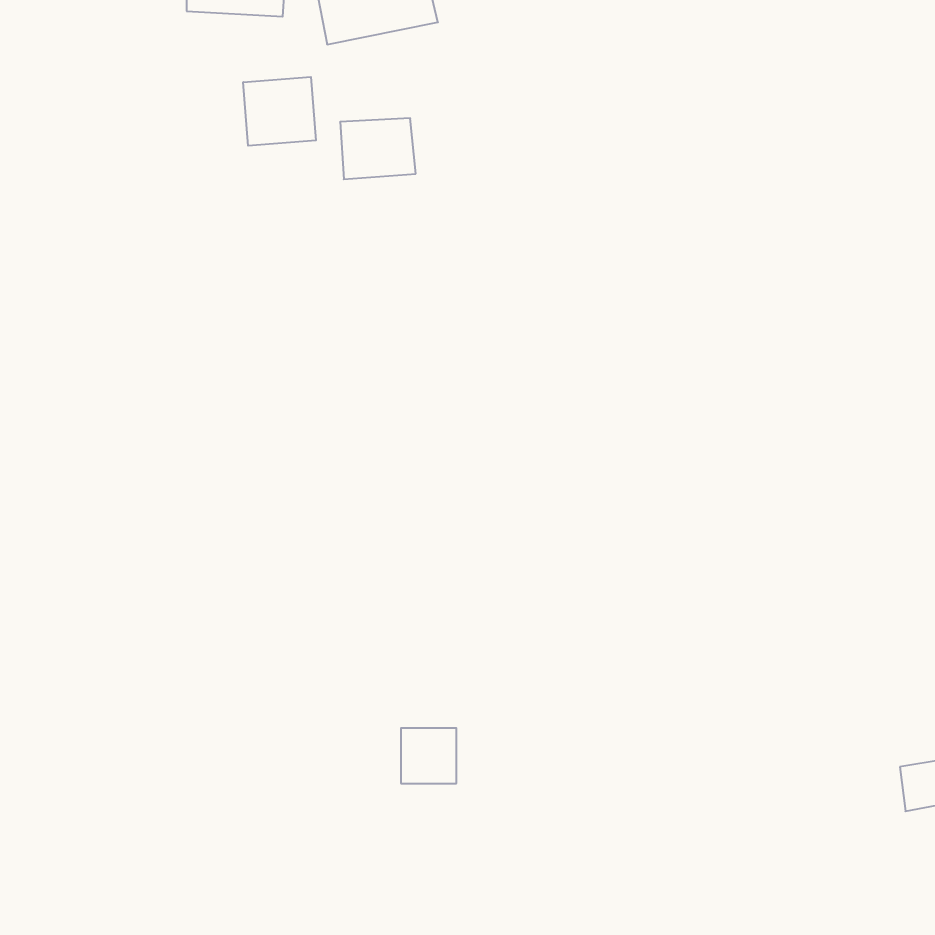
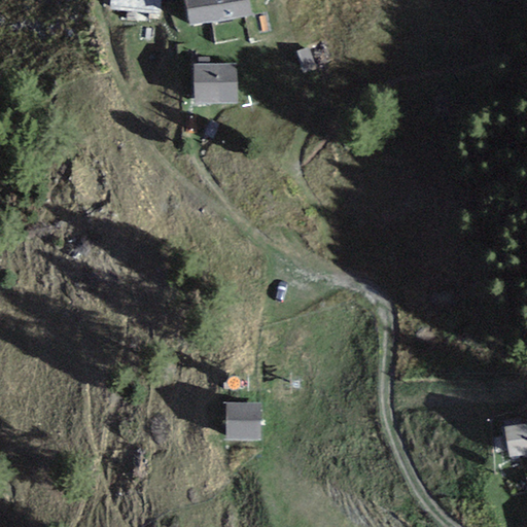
building: [243,77,316,146] -> none

